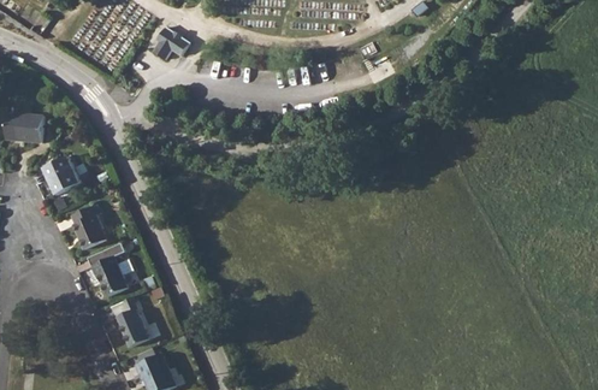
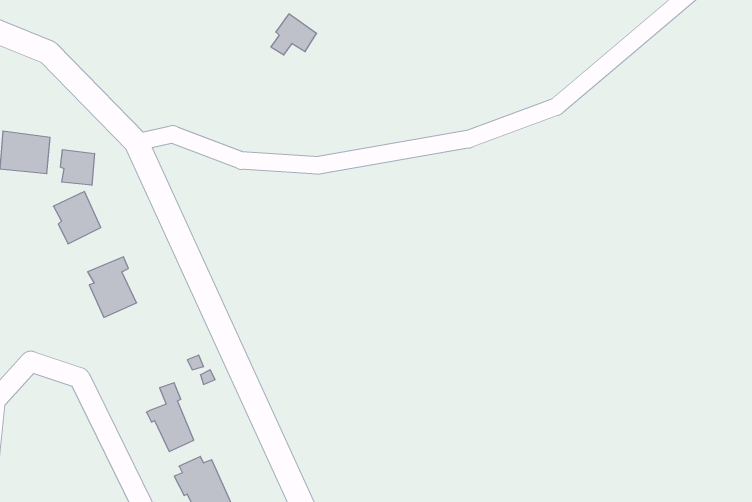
building: [154,25,188,55] -> [271,14,317,55]
building: none -> [60,150,94,185]
building: [91,254,128,295] -> none

